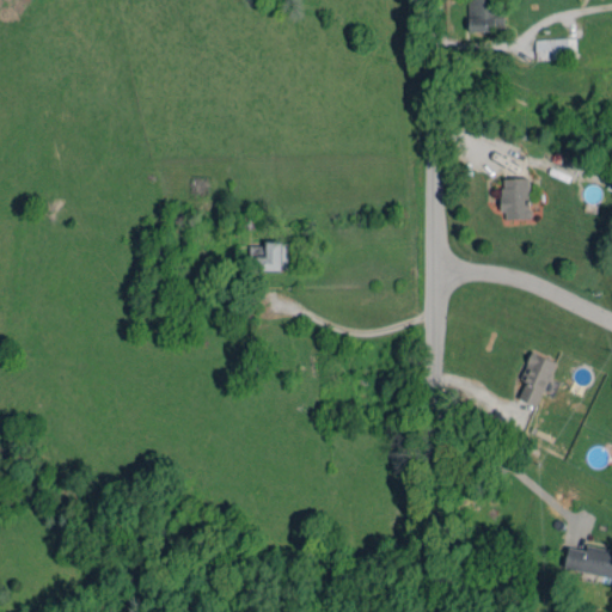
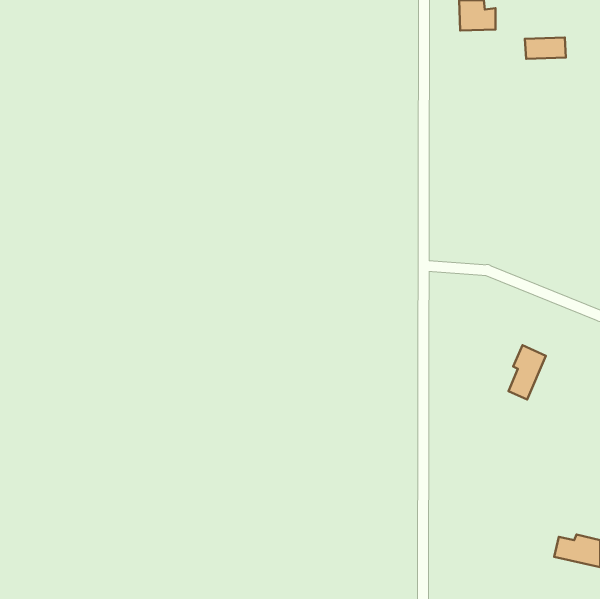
building: [502,179,531,220] -> none
building: [251,243,287,271] -> none

